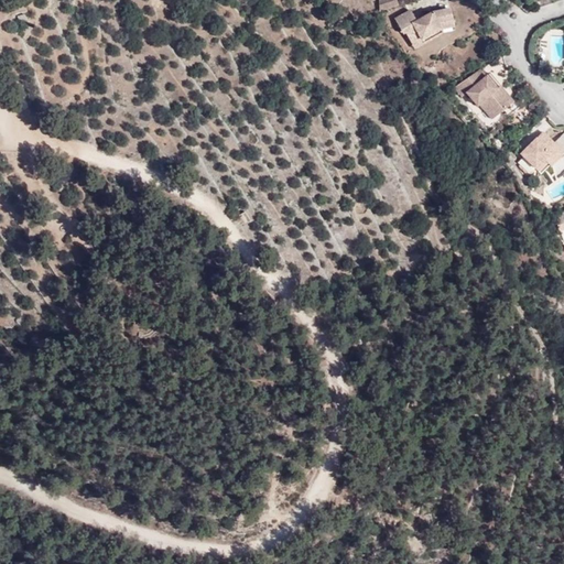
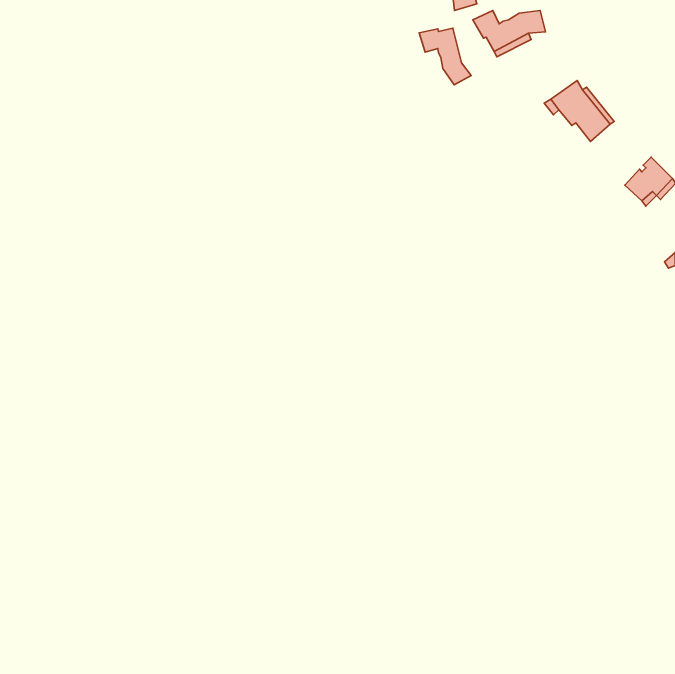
building: none -> [419,28,471,85]

